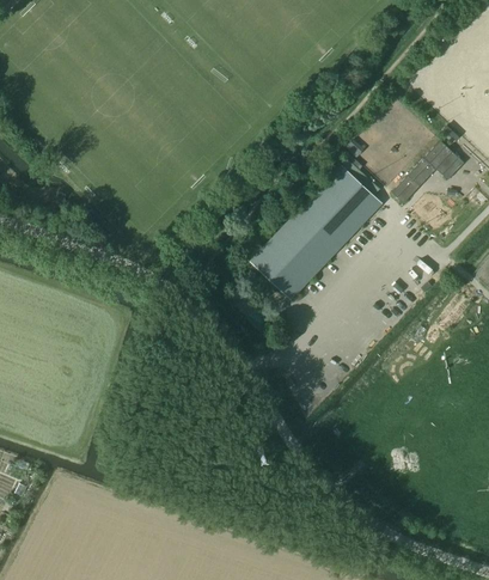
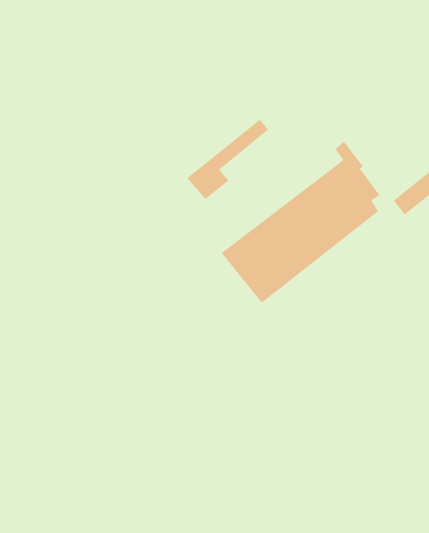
building: none -> [187,119,269,200]

